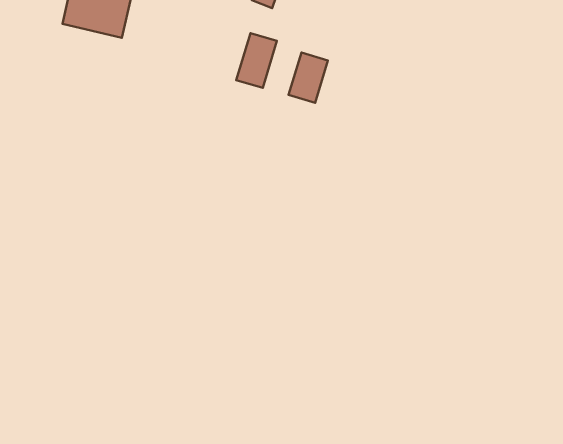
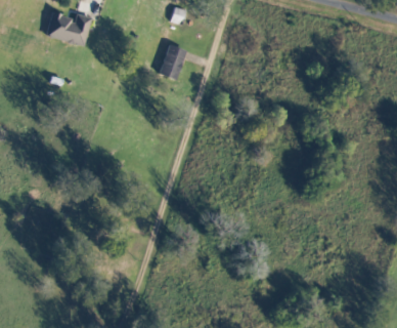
building: [289,52,328,103] -> none

